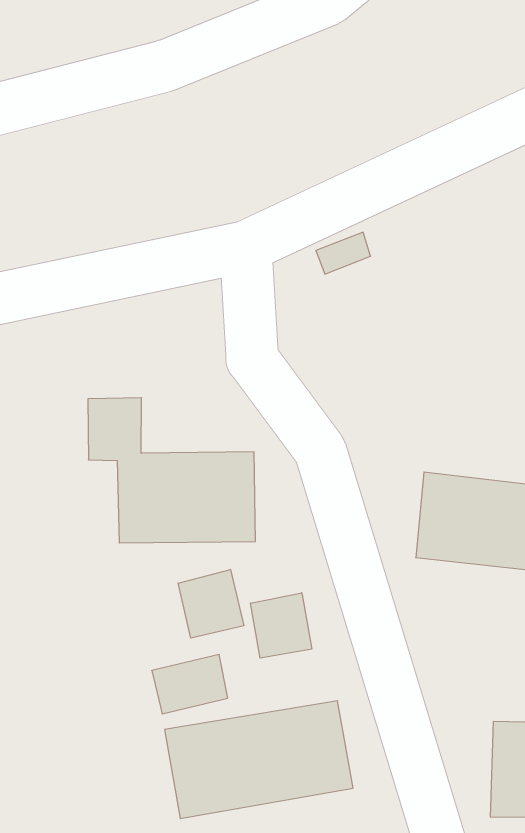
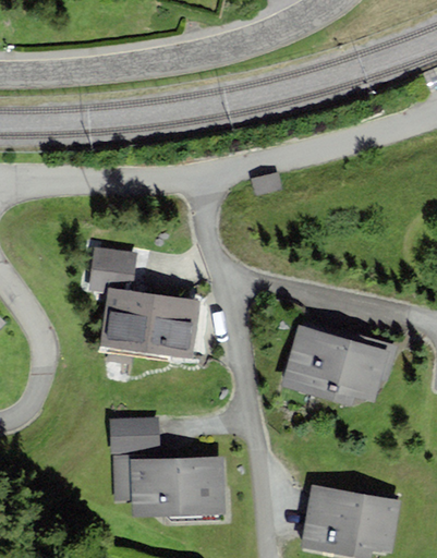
building: [178,569,244,638] -> none
building: [251,593,312,658] -> none

